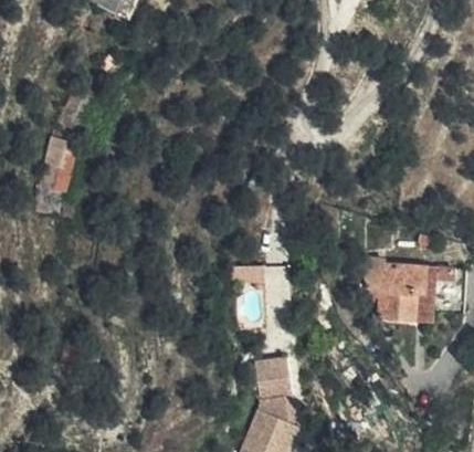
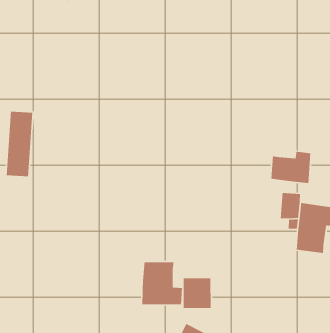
building: none -> [270,151,311,184]
building: none -> [142,262,183,305]

